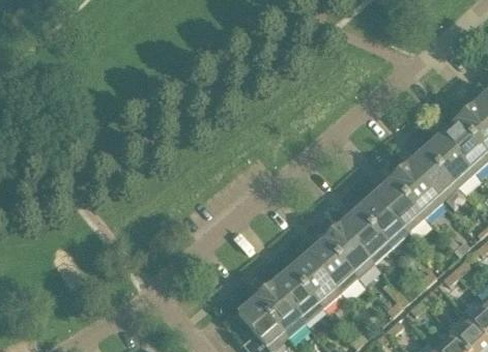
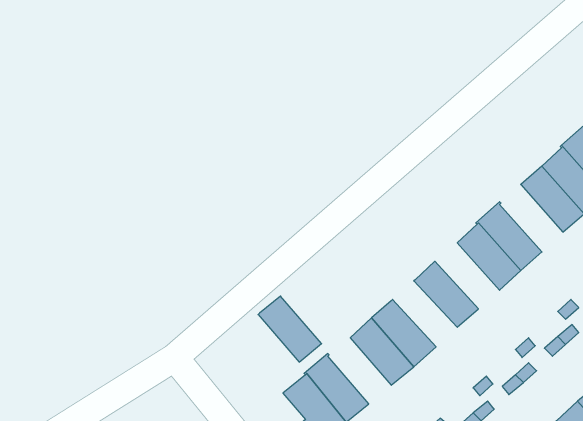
building: [406,149,456,202] -> none
building: [355,195,406,246] -> none
building: [320,223,373,276] -> none
building: [271,269,321,321] -> [258,296,322,362]

